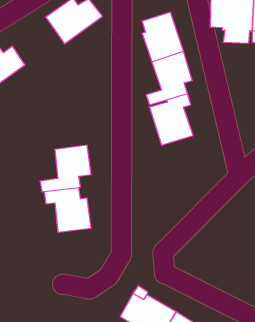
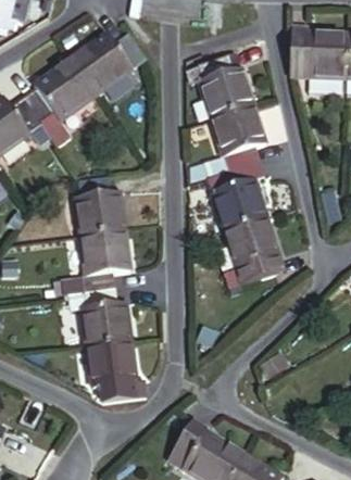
building: none -> [25,59,95,146]
building: none -> [76,176,125,236]
building: none -> [224,217,279,288]
building: none -> [86,341,147,401]

